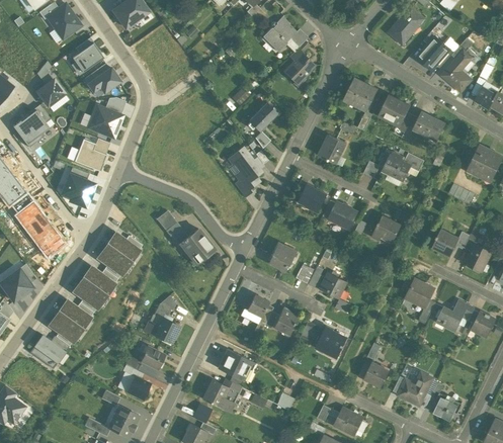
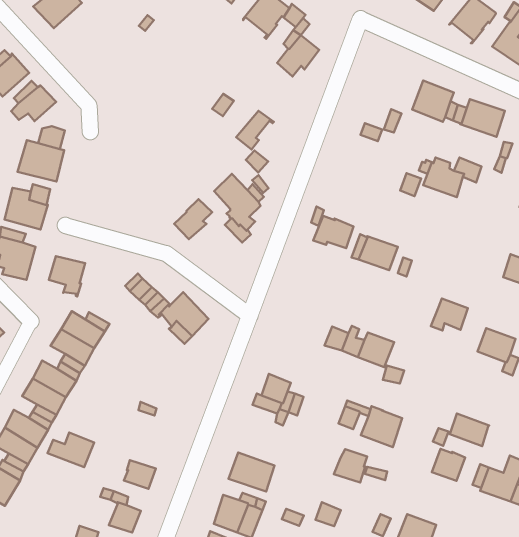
building: [343,77,378,111] -> none
building: [318,134,346,163] -> none
building: none -> [174,199,212,239]
building: none -> [49,256,85,297]
building: [372,216,401,241] -> [431,298,468,330]
building: [267,241,297,272] -> none
building: [273,309,299,335] -> [334,449,367,482]
building: [145,318,179,344] -> [48,433,94,467]
building: none -> [450,414,489,446]

